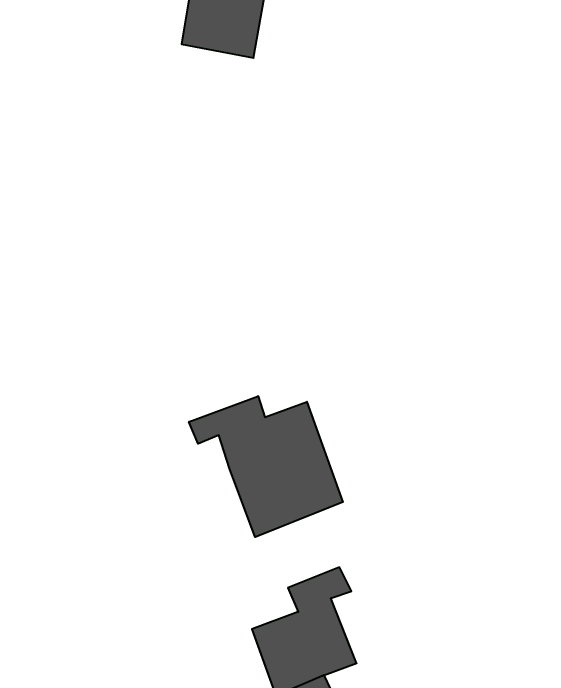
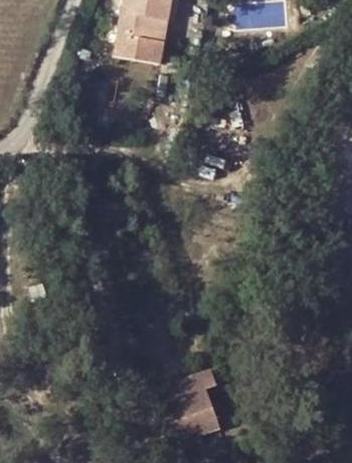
building: [189,396,343,537] -> none

